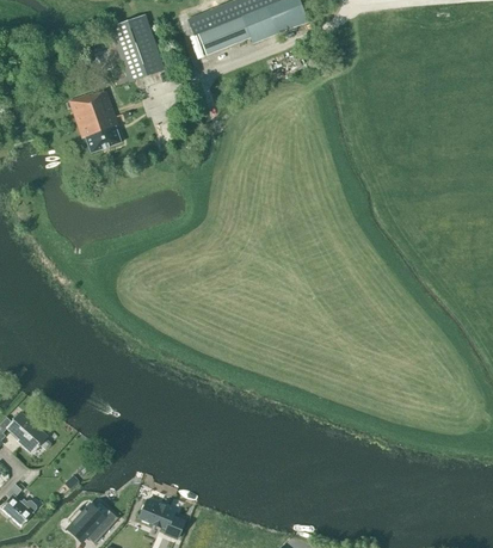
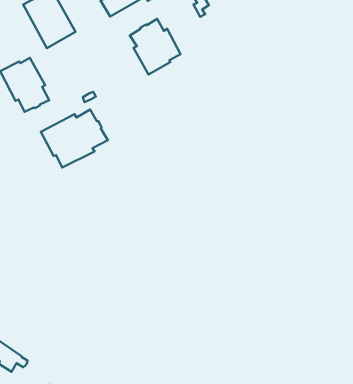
building: none -> [130,19,181,74]
building: none -> [41,110,108,168]

